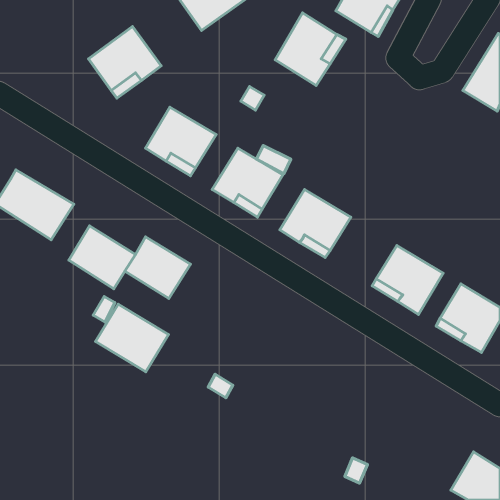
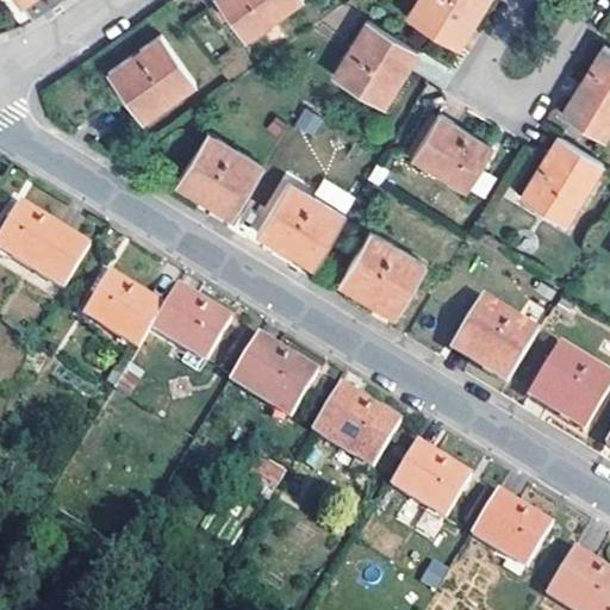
building: none -> [412,112,492,187]
building: none -> [521,133,602,220]
building: [96,304,168,372] -> [230,336,318,418]
building: none -> [311,386,402,468]
building: none -> [391,442,472,517]
building: none -> [472,492,553,567]

